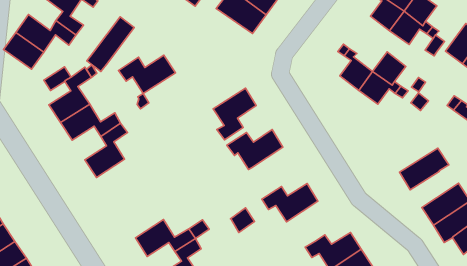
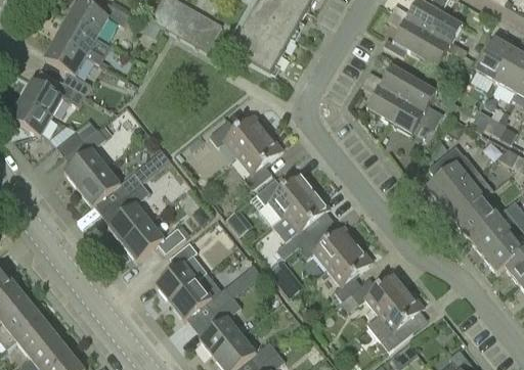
building: [87,17,134,72] -> none
building: none -> [380,64,414,99]
building: [118,55,175,94] -> [209,113,269,156]
building: none -> [427,145,479,202]
building: none -> [285,189,330,246]
building: none -> [122,220,185,260]
building: none -> [454,197,497,237]
building: none -> [156,241,198,302]
building: none -> [328,242,373,299]

